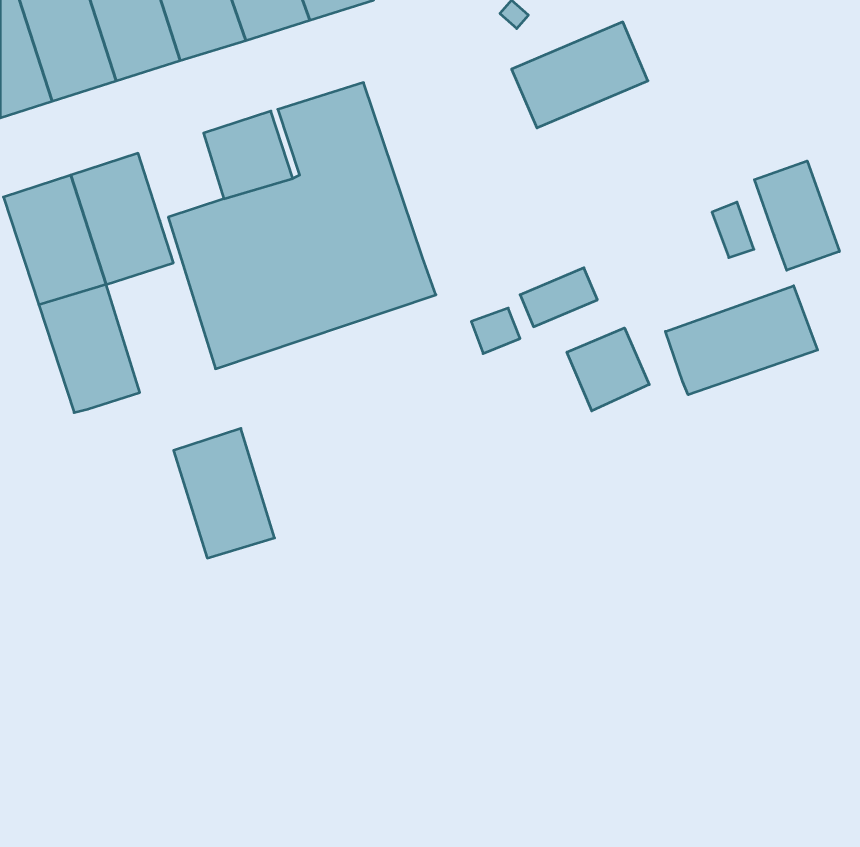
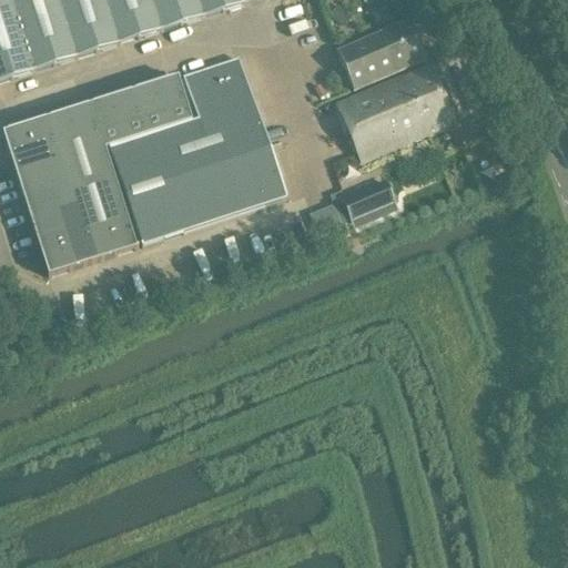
building: none -> [336,60,455,158]
building: none -> [91,88,148,145]
building: [754,161,839,270] -> none
building: [665,286,818,395] -> none
building: [567,328,649,411] -> none
building: [174,428,275,558] -> [70,173,136,258]

